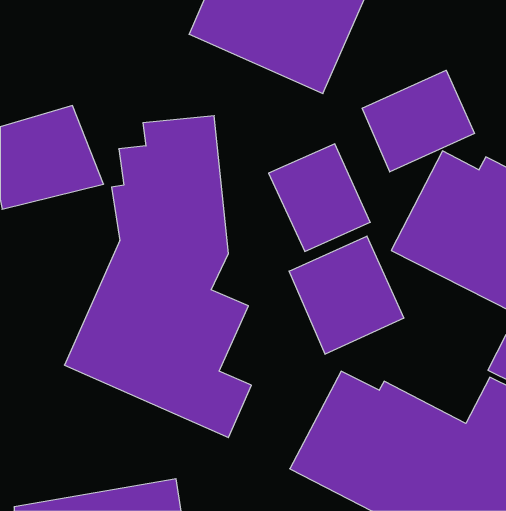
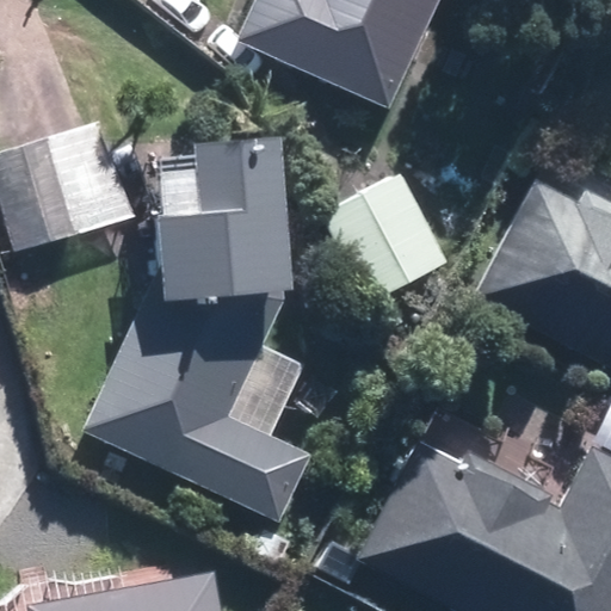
building: [362,70,475,172] -> none
building: [289,236,404,354] -> none

